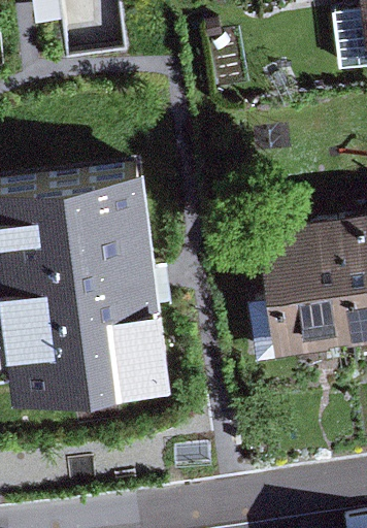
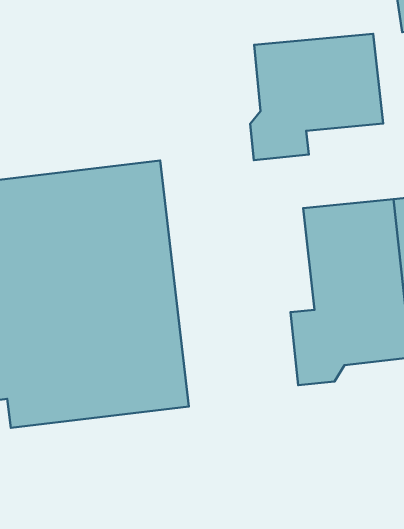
building: none -> [250,34,383,160]

